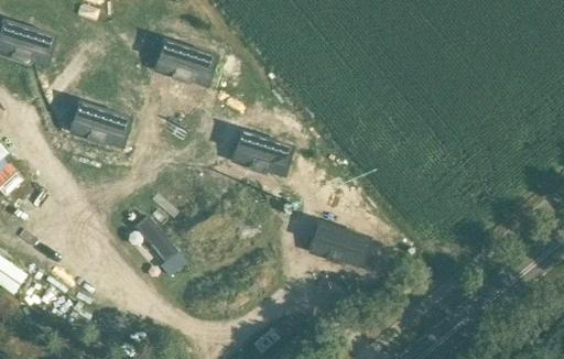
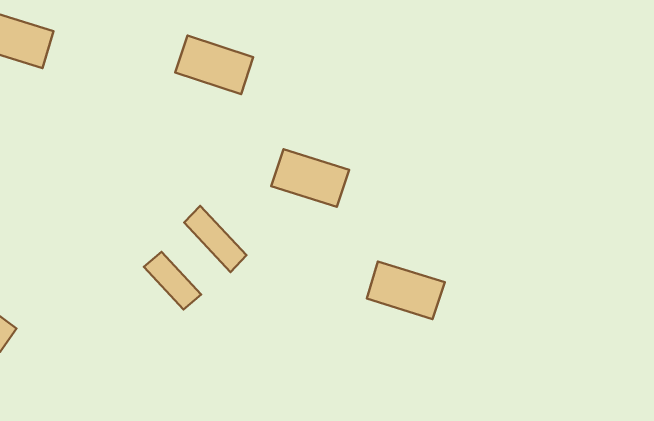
building: [69,101,132,149] -> none
building: none -> [184,206,246,272]

